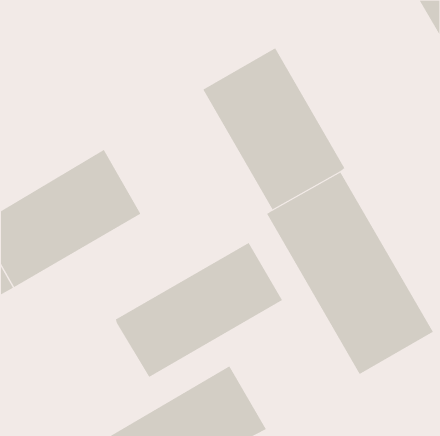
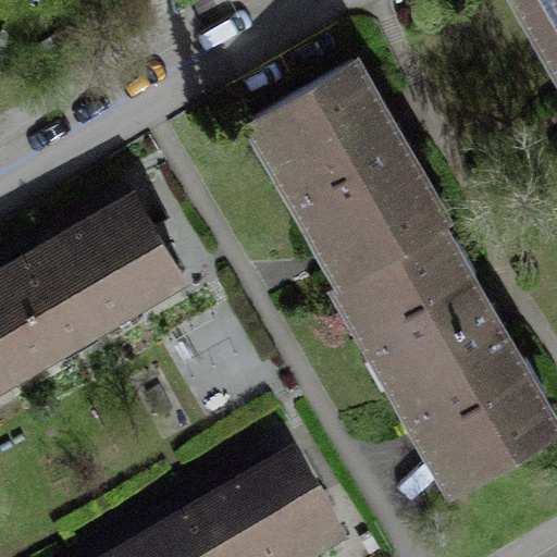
building: [115,242,283,378] -> none

